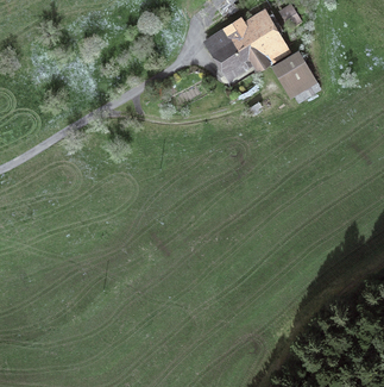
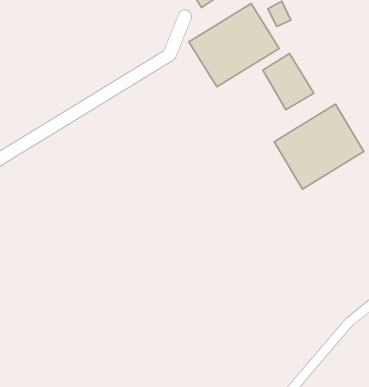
building: none -> [274,104,364,189]

